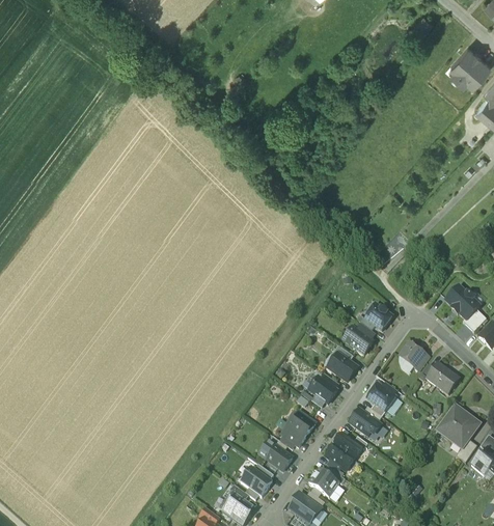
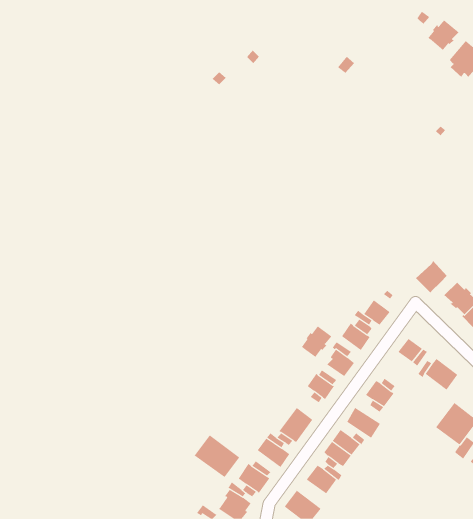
building: none -> [428,19,459,51]
building: none -> [415,260,448,294]
building: none -> [301,326,332,358]
building: none -> [194,434,240,478]

